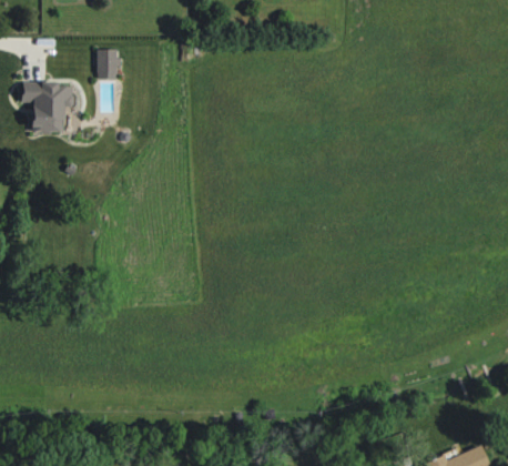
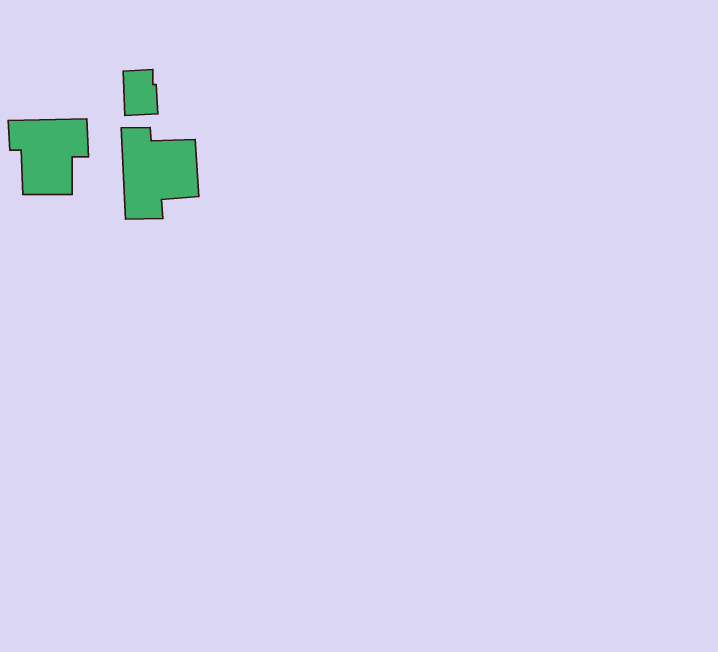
building: none -> [121,128,199,219]

